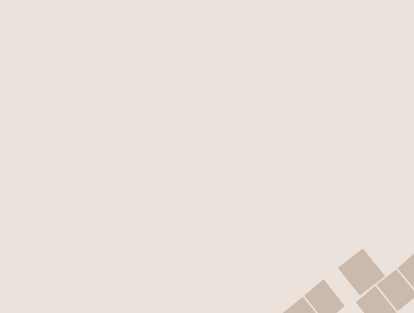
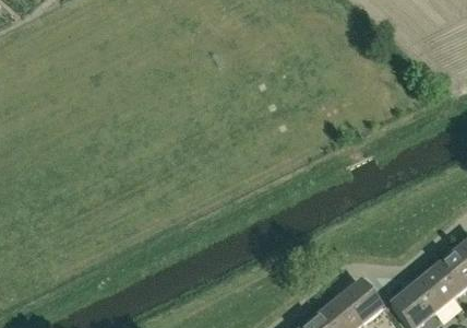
building: [337,248,386,297] -> none

